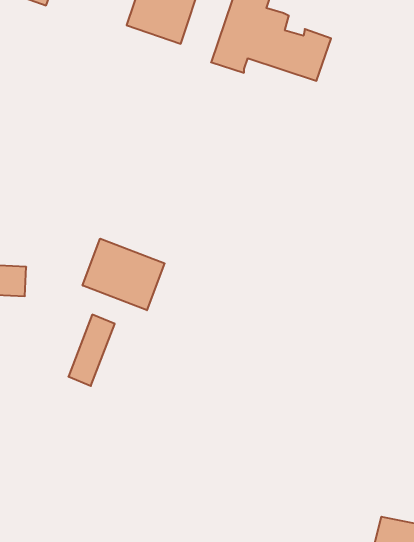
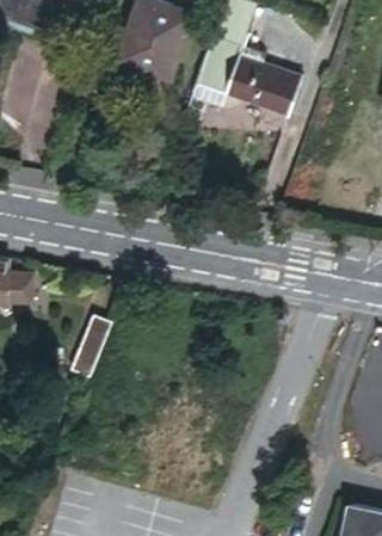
building: [83,239,165,310] -> none

